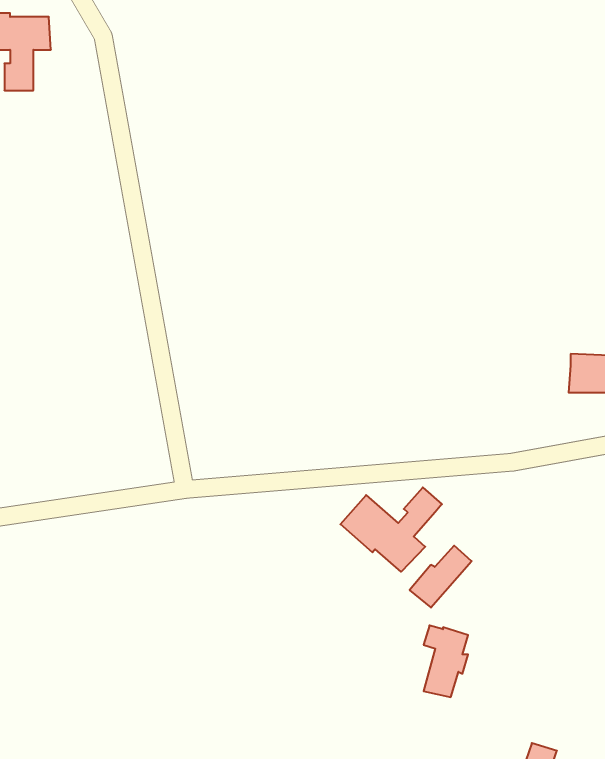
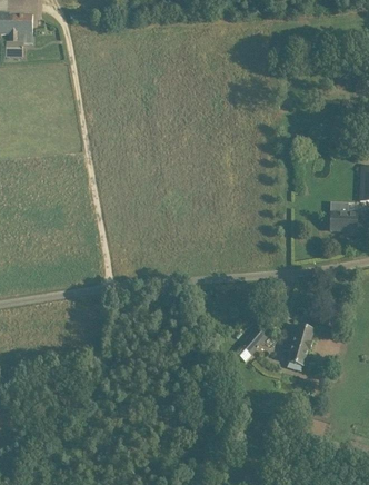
building: [340,487,442,572] -> none
building: [424,625,468,697] -> [287,324,312,365]

